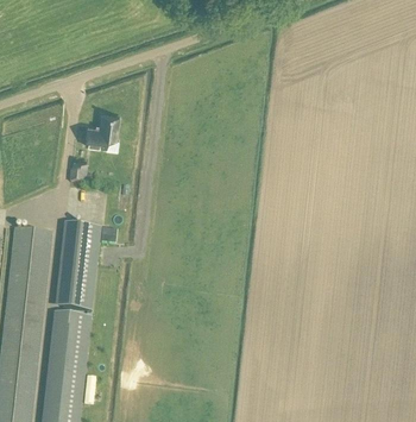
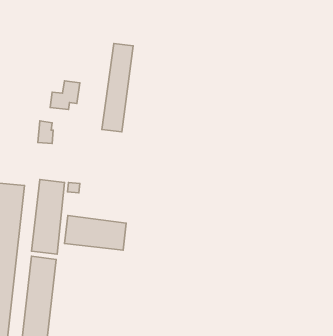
building: none -> [102,44,133,132]
building: none -> [65,215,126,250]

